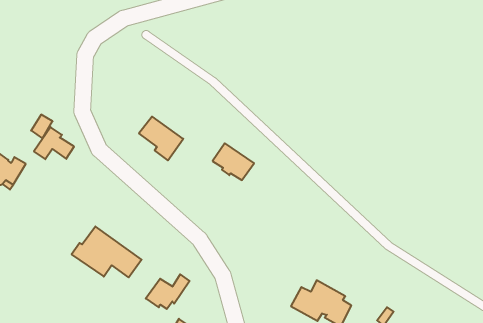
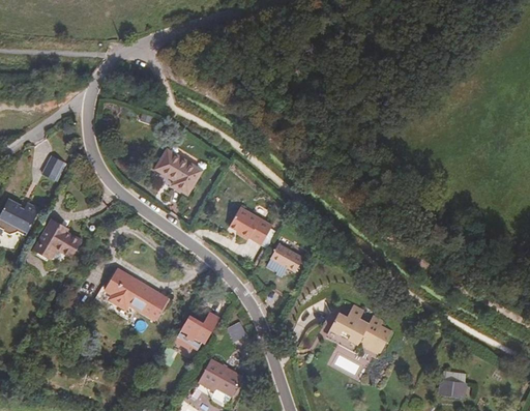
building: [34,127,74,159] -> [37,221,79,255]
building: [213,143,254,180] -> [229,205,272,242]
building: none -> [266,242,303,276]

